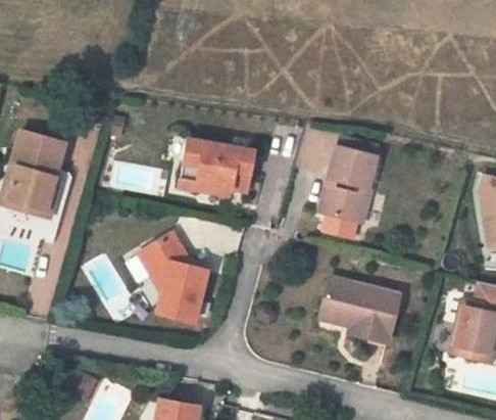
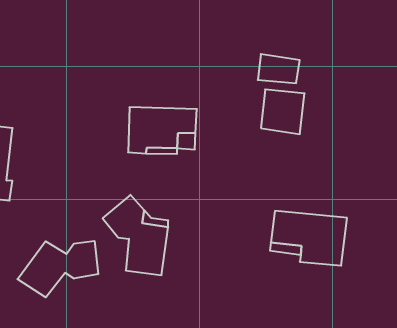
building: [314,185,361,221] -> [258,54,300,83]
building: none -> [17,241,98,297]

